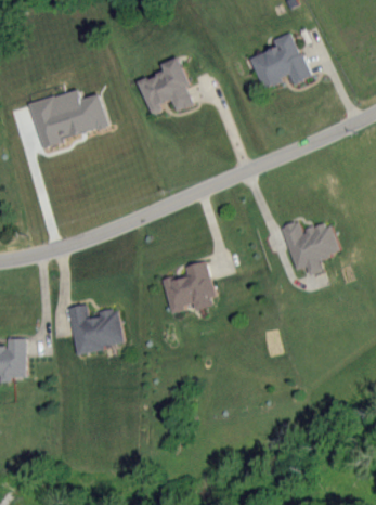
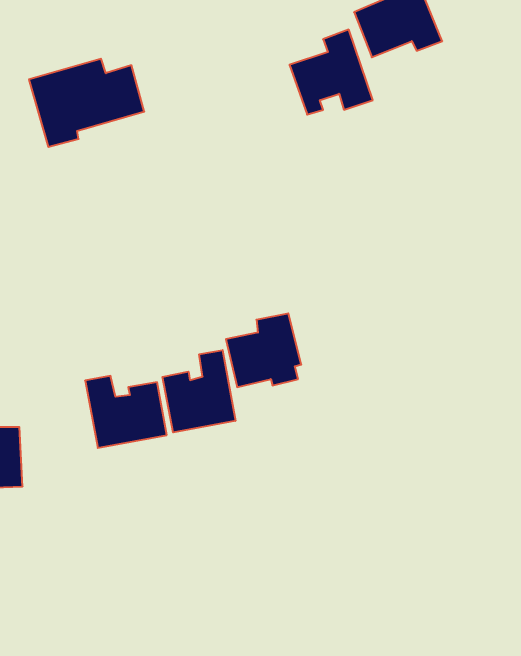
building: [139,57,195,115] -> [289,30,373,115]
building: [281,222,340,276] -> none
building: none -> [162,350,235,432]

